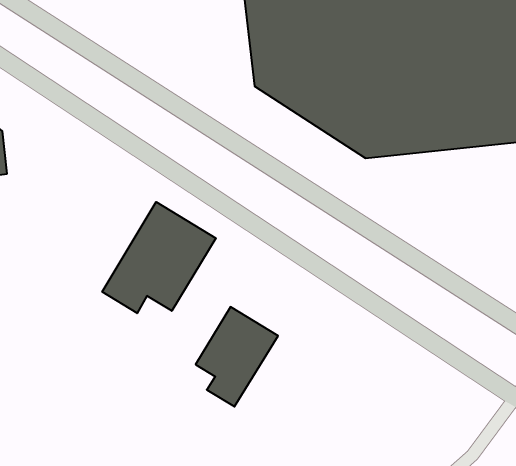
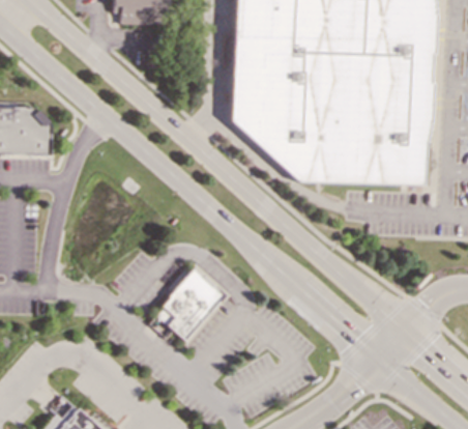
building: [102,202,216,313] -> none

